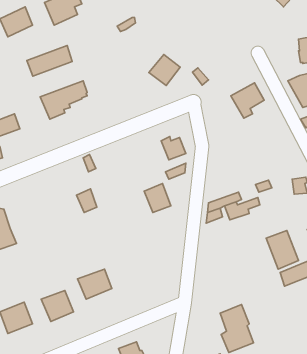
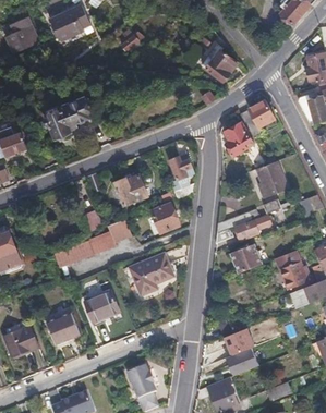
building: [27,46,72,76] -> none
building: [149,54,180,85] -> [205,49,237,81]
building: none -> [224,122,252,156]
building: none -> [254,161,286,198]
building: none -> [114,173,147,205]
building: none -> [53,219,129,269]
building: none -> [229,244,261,274]
building: none -> [129,253,172,293]

